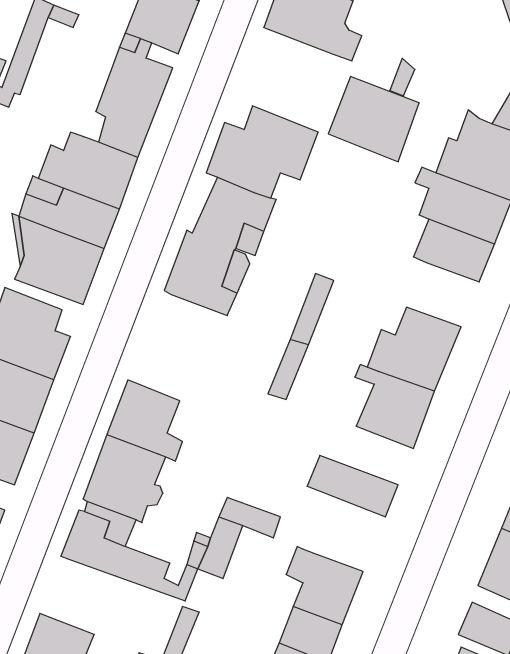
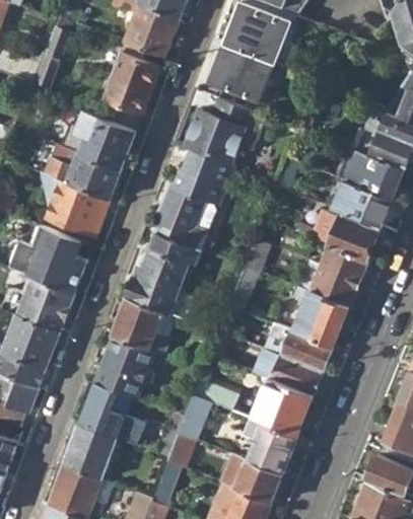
building: [328,76,419,162] -> [209,39,275,100]
building: none -> [297,207,382,255]
building: none -> [127,232,202,311]
building: none -> [264,321,334,370]
building: none -> [254,376,314,433]
building: none -> [63,424,118,478]

